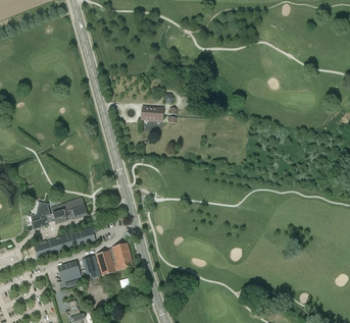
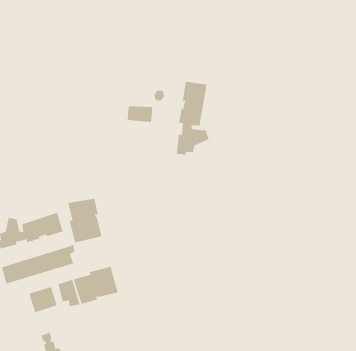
building: none -> [176,81,210,156]
building: none -> [68,198,102,243]

